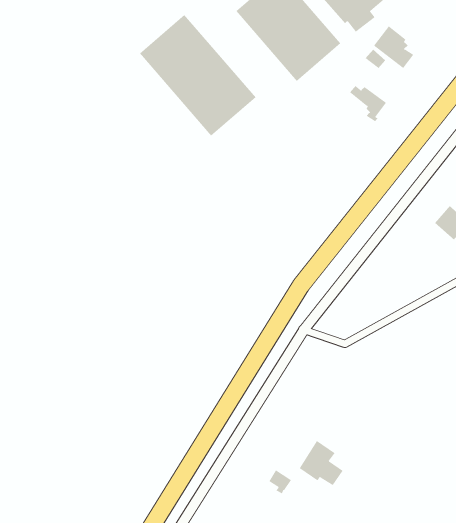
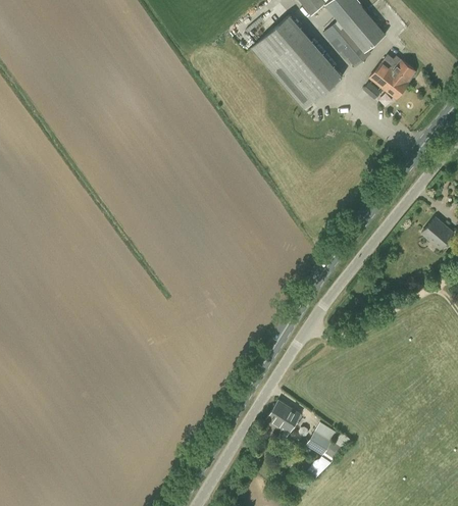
building: [139,14,256,136] -> none
building: [349,85,387,122] -> [383,55,415,87]
building: none -> [266,400,300,438]

